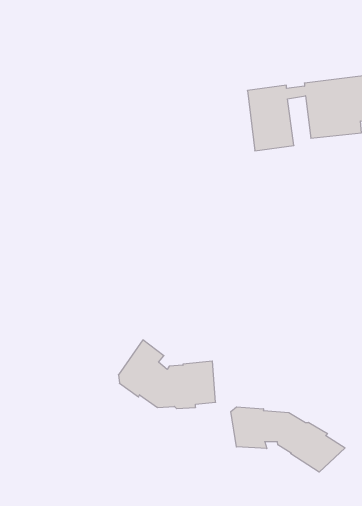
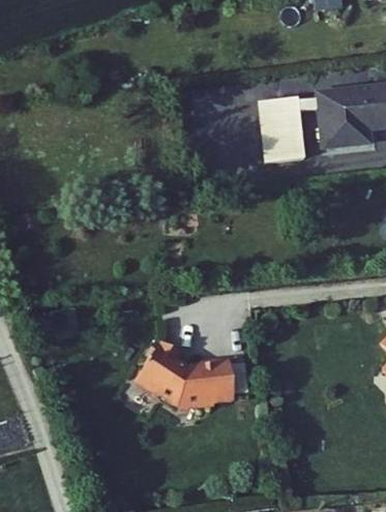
building: [231,407,345,472] -> none

